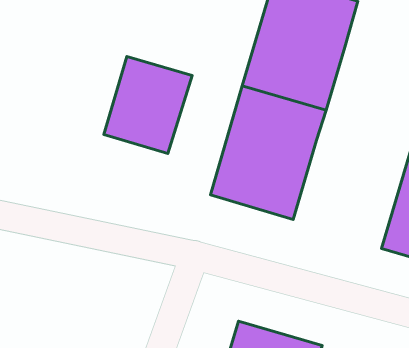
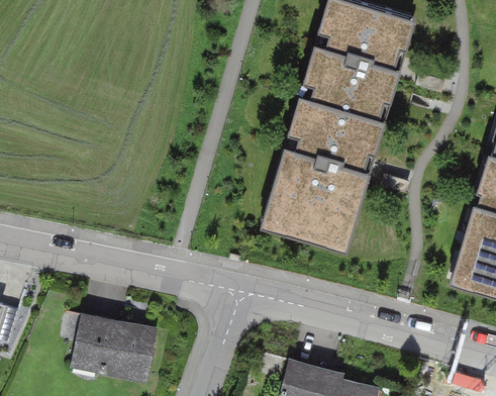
building: [104,57,192,154] -> none
building: none -> [72,316,153,379]

